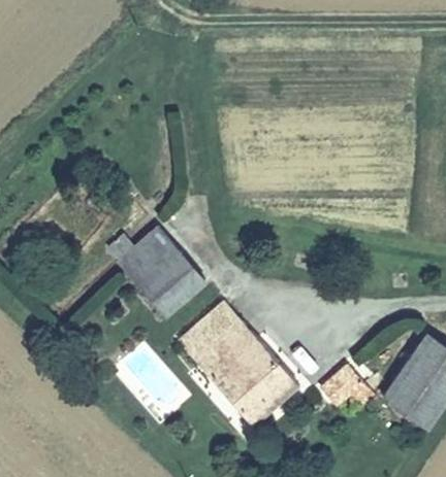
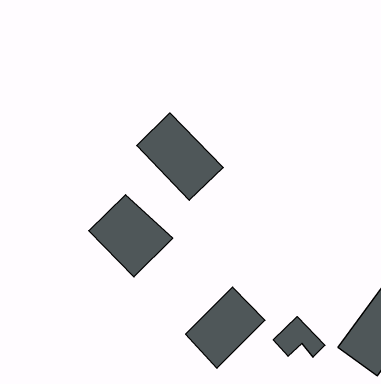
building: none -> [137,113,223,200]
building: [173,301,259,383] -> none

